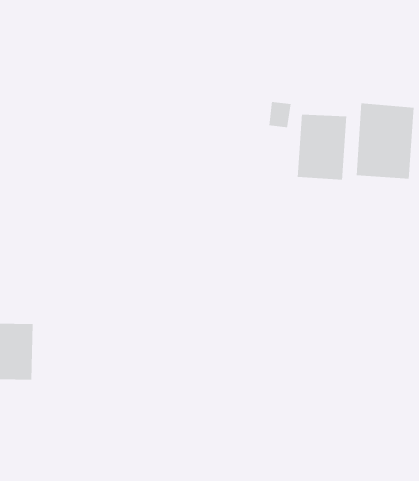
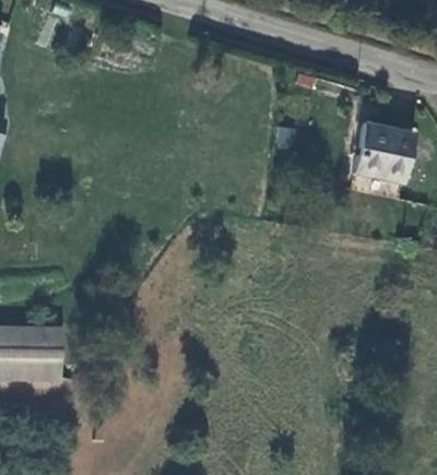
building: [297,114,347,181] -> none

